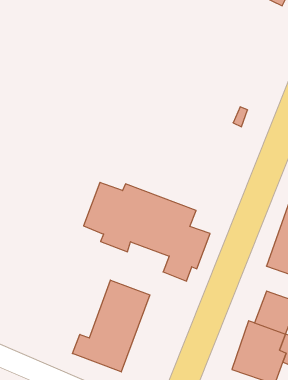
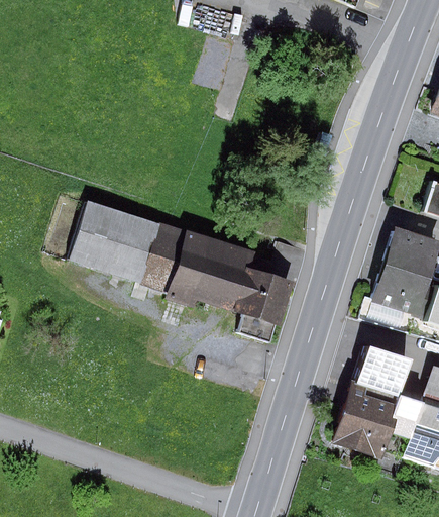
building: none -> [74,202,166,284]
building: [72,280,150,372] -> none

